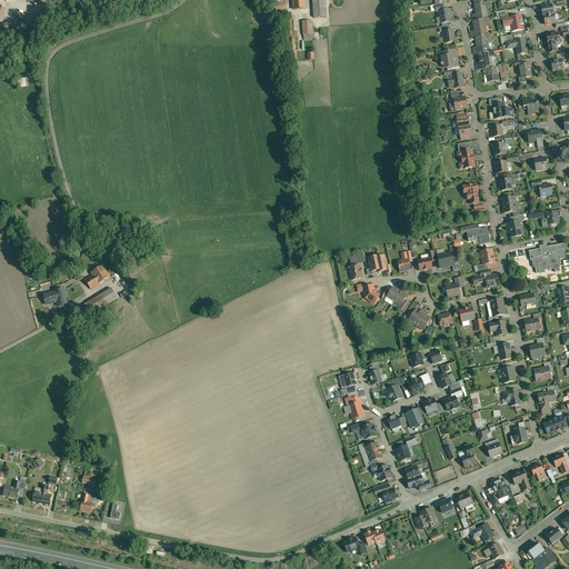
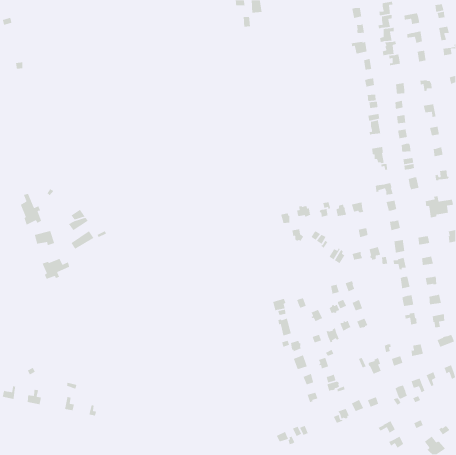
building: none -> [20,193,42,226]
building: none -> [42,258,70,280]

